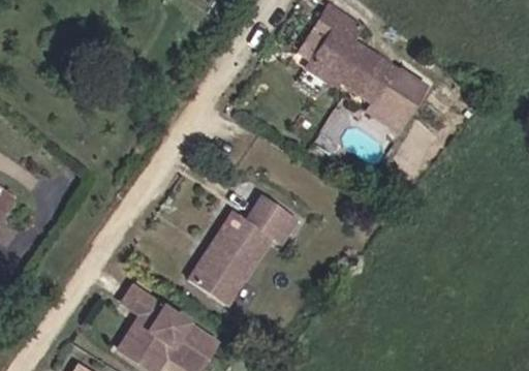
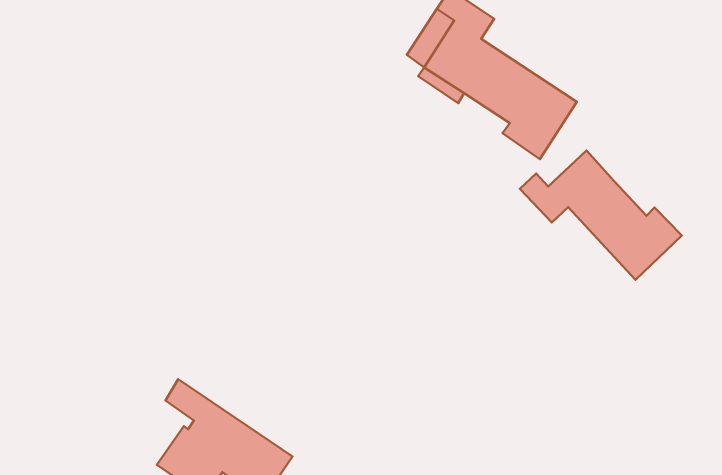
building: none -> [520,151,682,280]
building: [188,193,299,304] -> none

